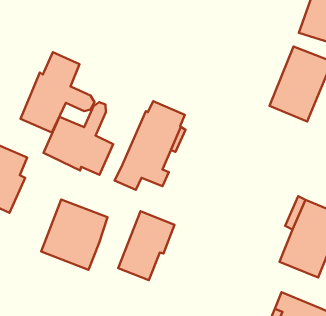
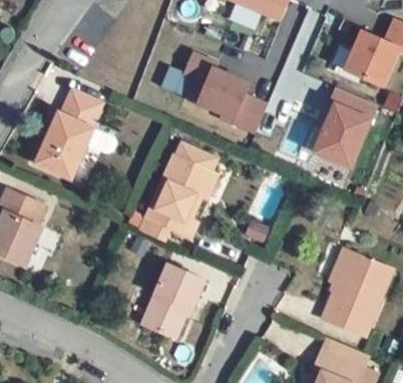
building: none -> [157,51,266,126]
building: [43,102,113,175] -> none
building: [41,200,108,270] -> none

